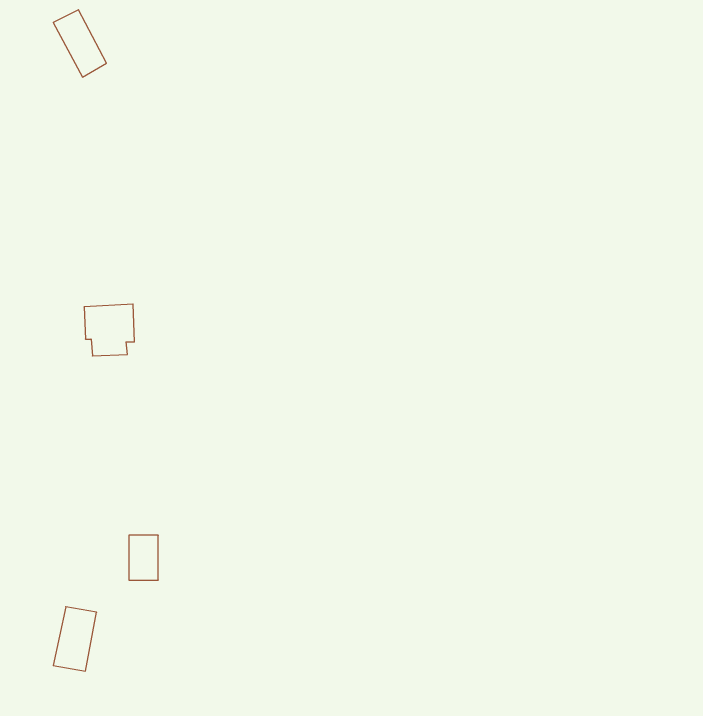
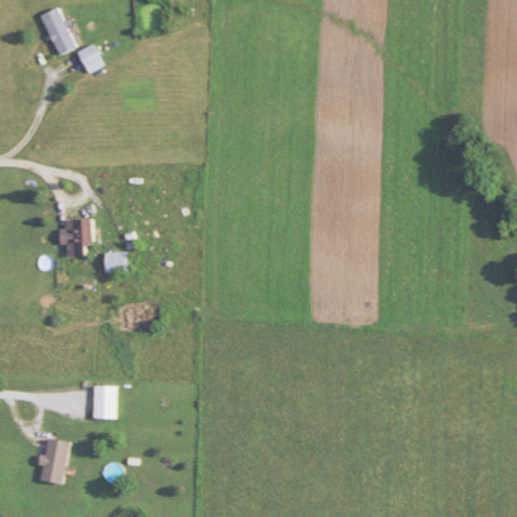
building: none -> [76,43,104,74]
building: none -> [107,253,127,273]

